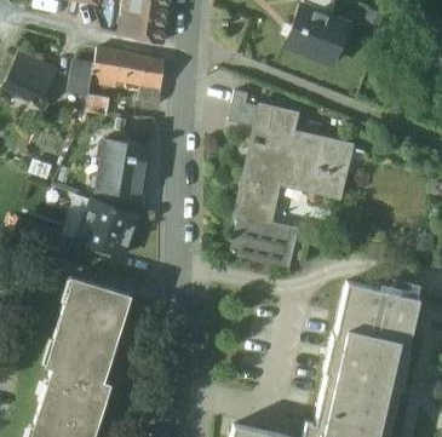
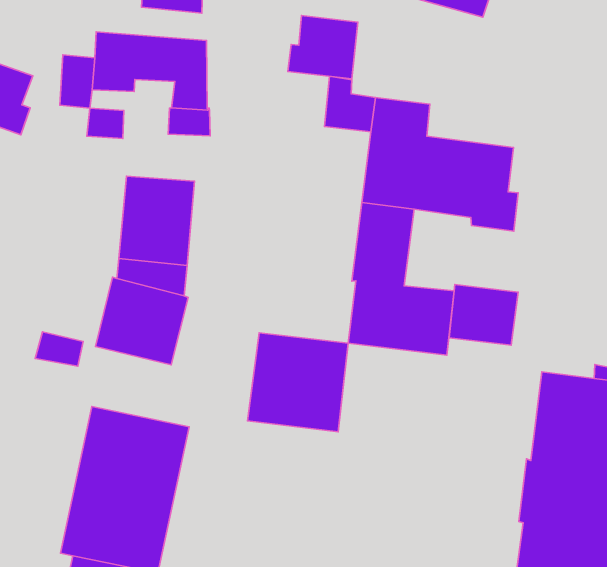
building: none -> [288,15,358,79]
building: none -> [449,284,518,345]
building: none -> [247,333,348,432]

